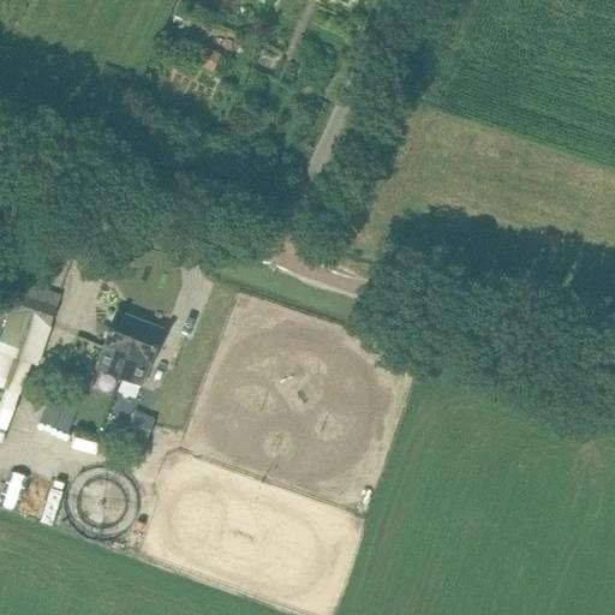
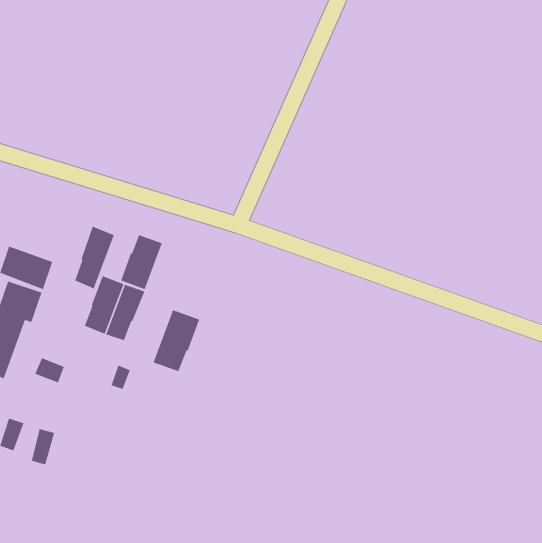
building: none -> [74,226,115,289]
building: none -> [120,234,163,290]
building: none -> [152,309,200,372]

